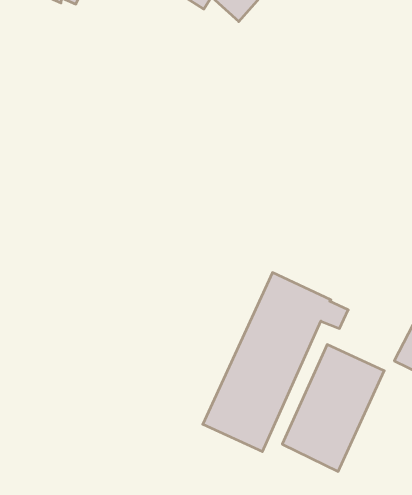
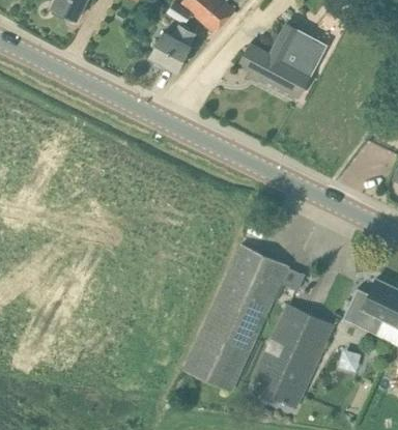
building: none -> [151,24,196,69]
building: none -> [238,24,326,97]

